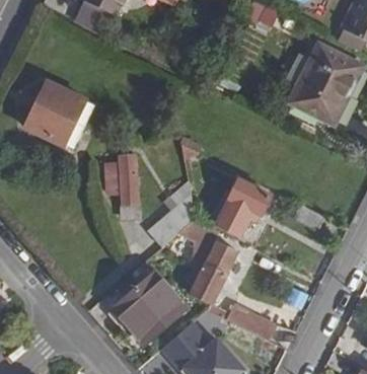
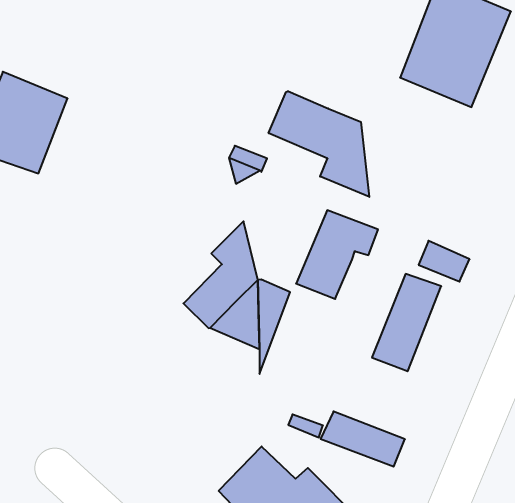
building: none -> [269,91,369,197]
building: [104,156,138,217] -> none
building: [191,242,236,302] -> [372,274,441,371]
building: [113,272,186,343] -> none

